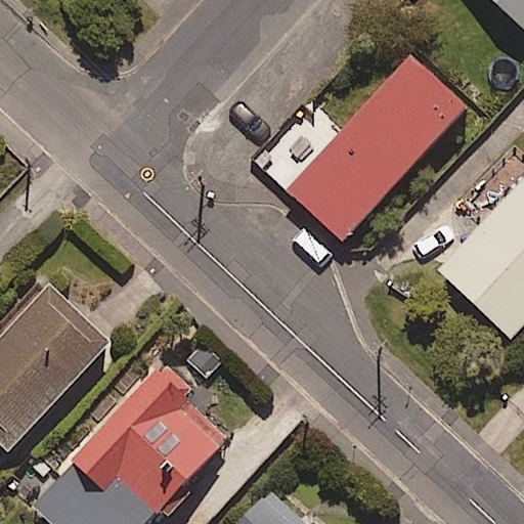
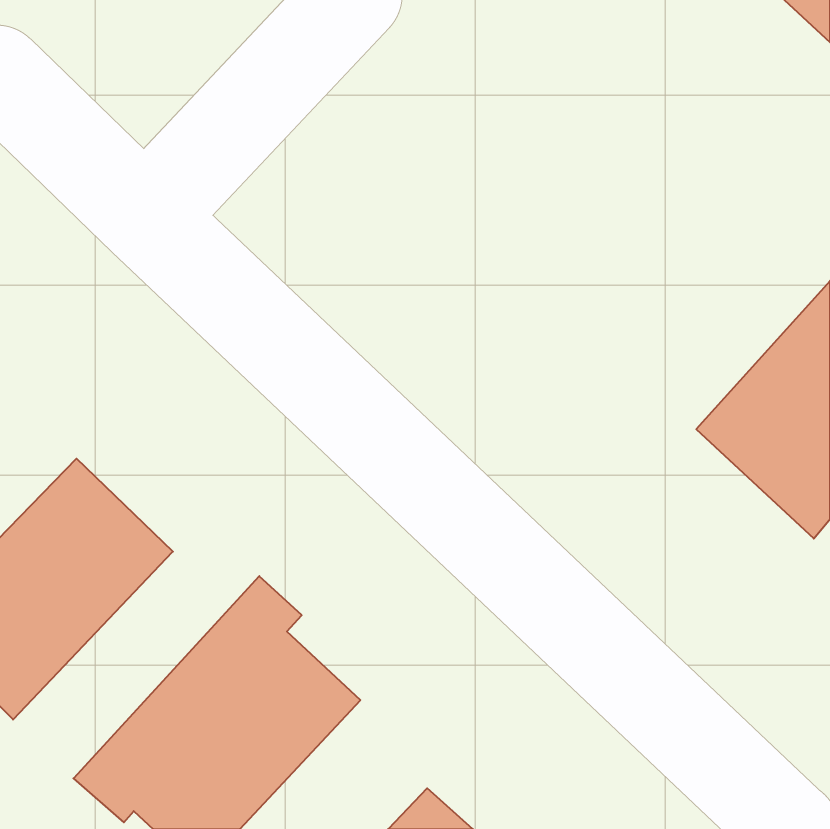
building: [289,55,468,241] -> none

